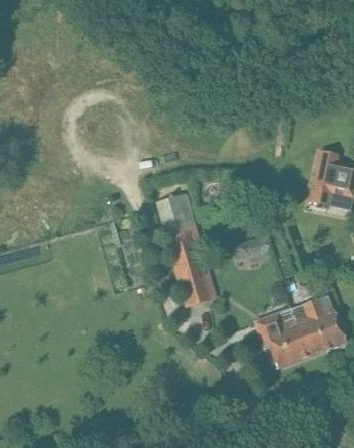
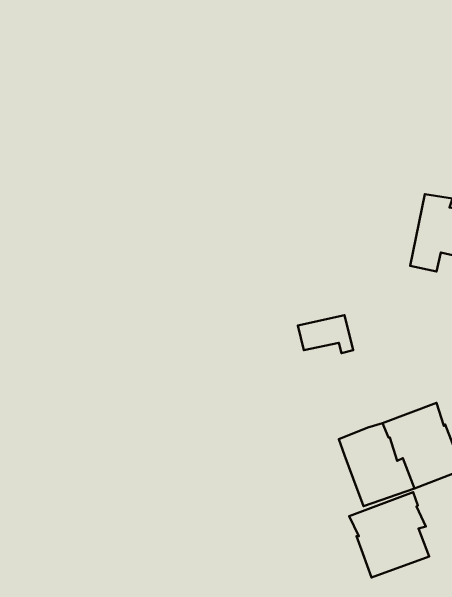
building: [156,193,216,306] -> none
building: none -> [349,492,429,577]

